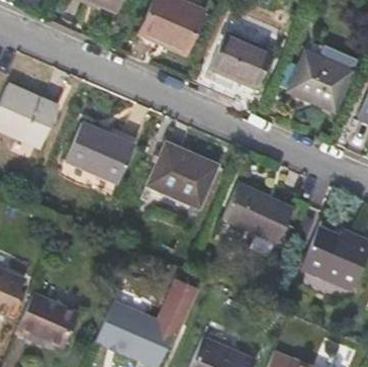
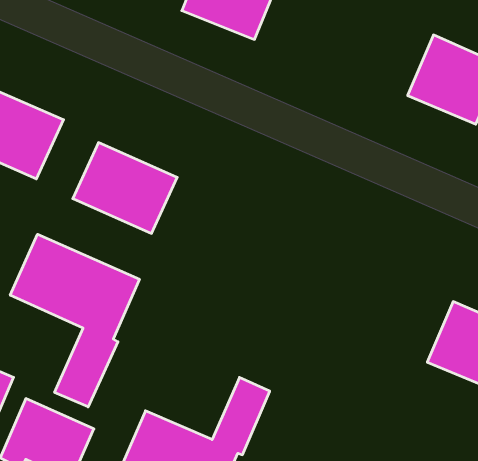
building: [209,32,273,88] -> none
building: [148,143,218,208] -> none
building: [222,183,293,244] -> none
building: none -> [10,234,139,407]

